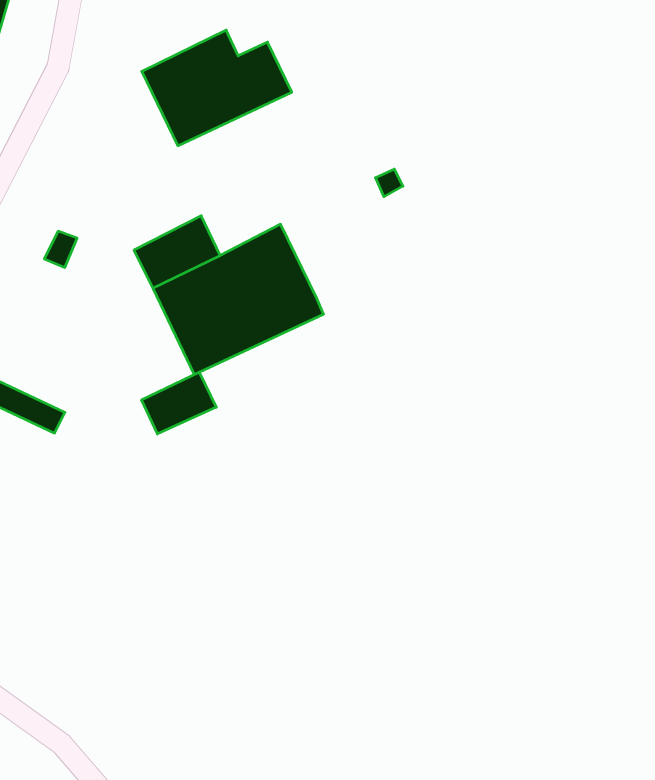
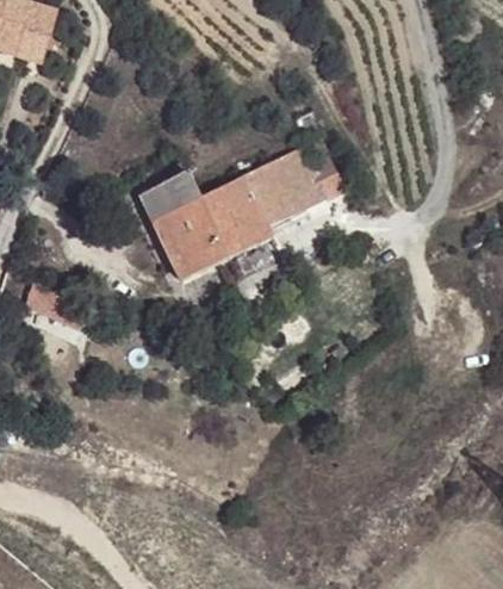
building: [142,30,292,146] -> [241,148,344,228]
building: [142,372,216,434] -> none

